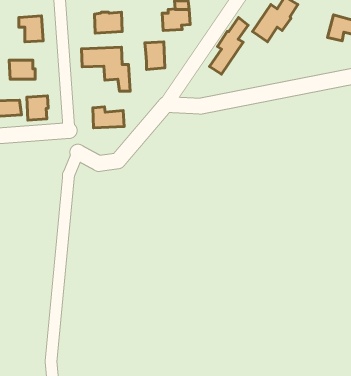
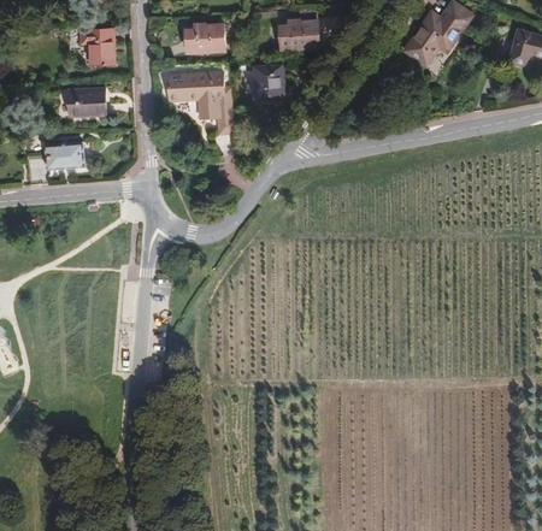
building: [210,17,248,74] -> none
building: [27,96,48,120] -> none
building: [93,107,124,128] -> none

